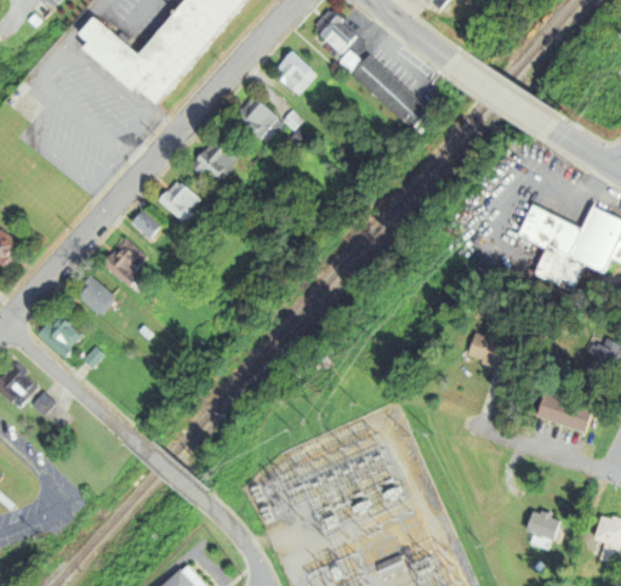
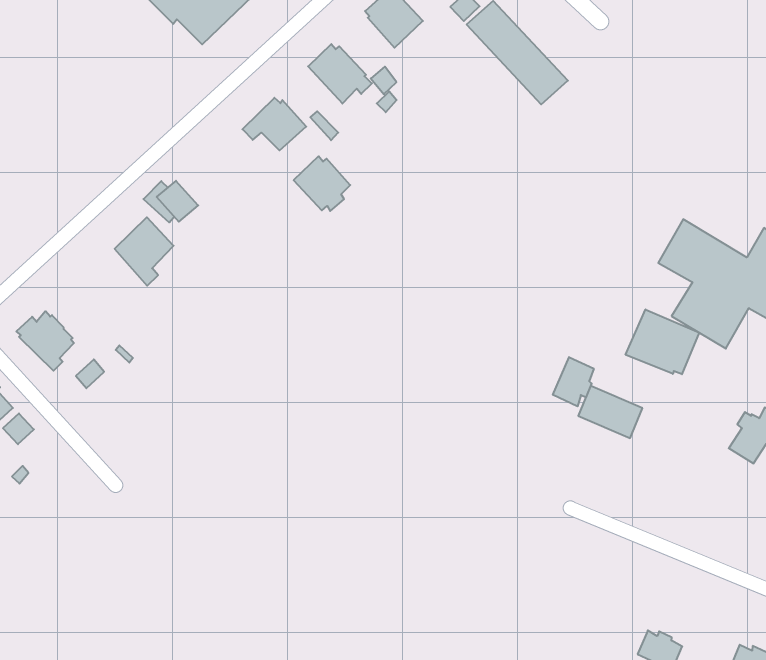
building: [161,180,204,220] -> [294,156,350,211]
building: none -> [626,309,699,374]
building: [81,274,116,313] -> none
building: none -> [553,357,594,406]
building: [529,393,585,433] -> none

